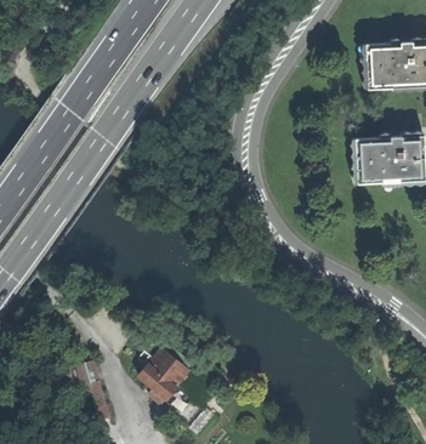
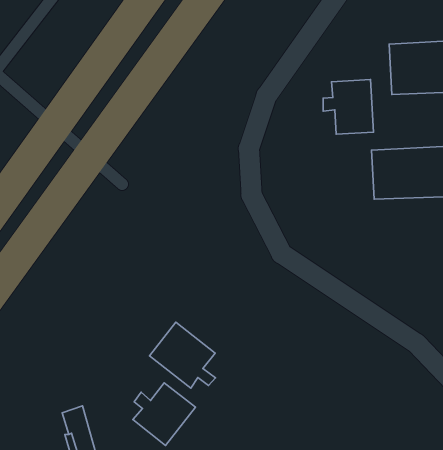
building: none -> [323,80,373,134]
building: none -> [150,322,216,388]

